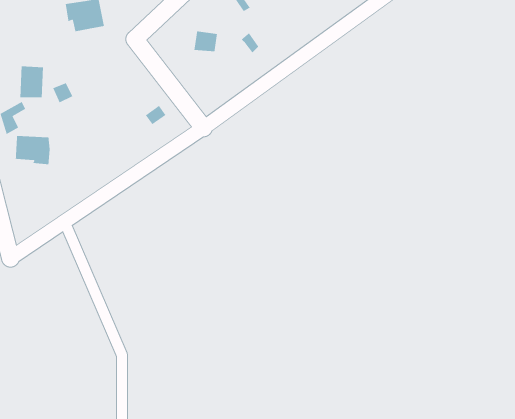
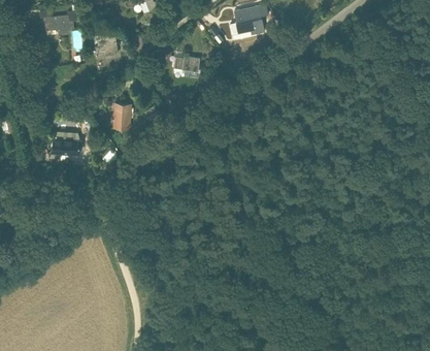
building: [19,65,44,98] -> [112,104,130,128]

